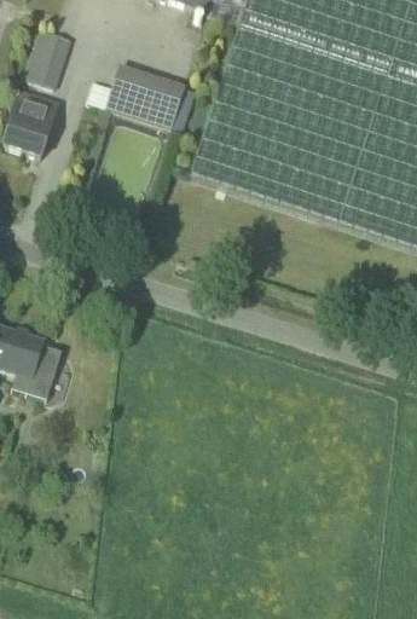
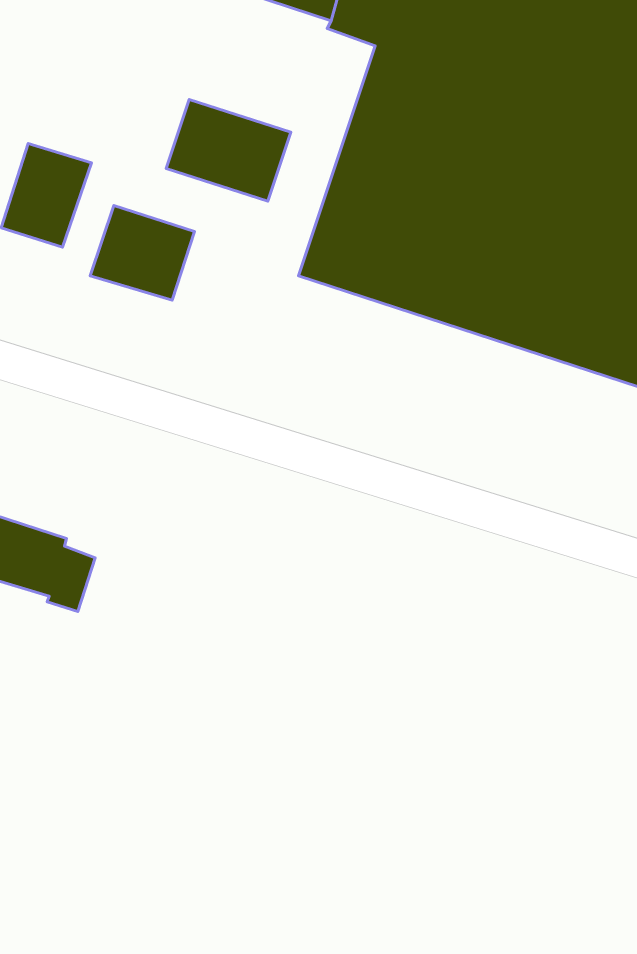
building: [22,30,73,91] -> none
building: none -> [90,206,195,300]

